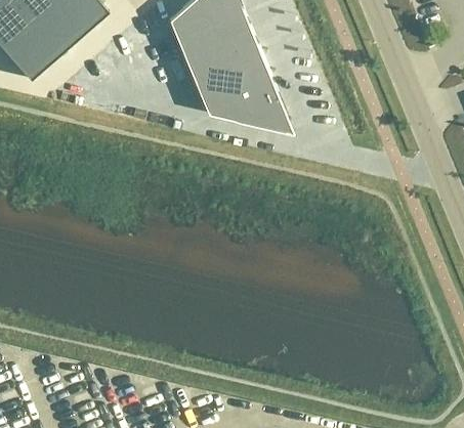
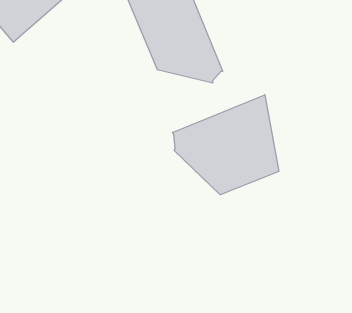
building: none -> [173,95,279,195]

